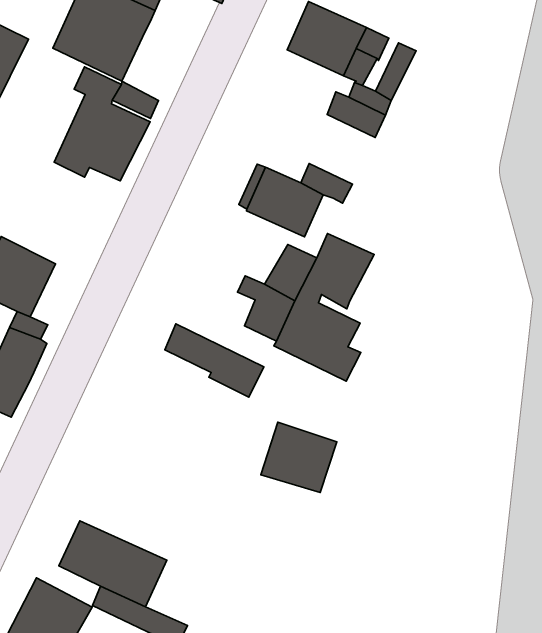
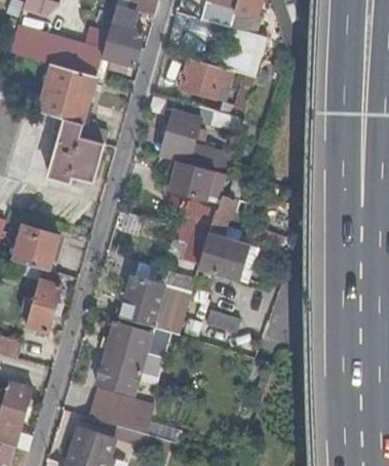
building: none -> [160,108,204,158]
building: none -> [118,276,187,333]
building: none -> [94,319,151,391]

